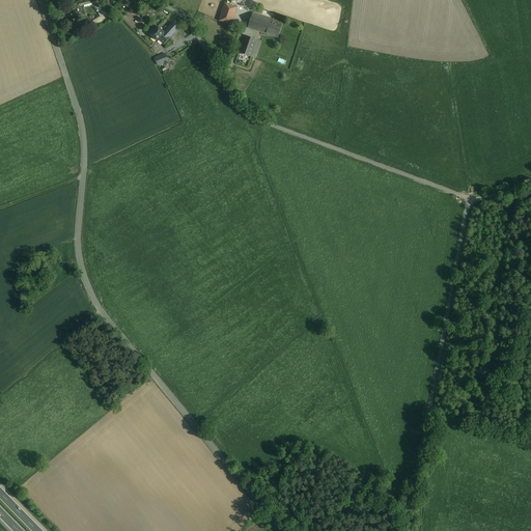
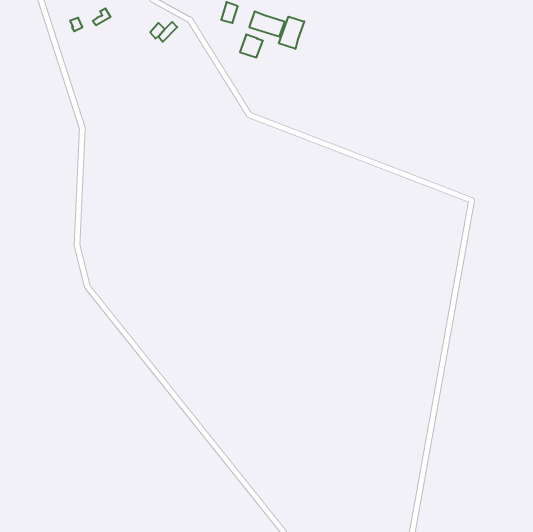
building: none -> [279,17,304,49]

